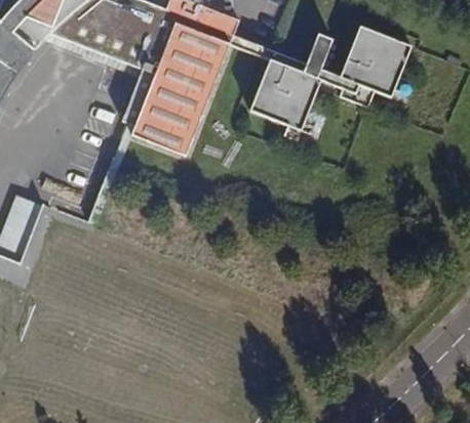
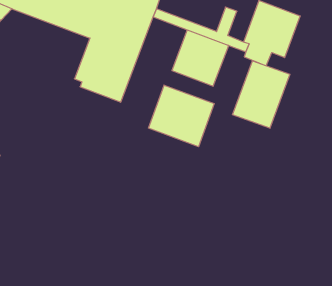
building: none -> [233,61,290,128]
building: none -> [148,85,214,147]

